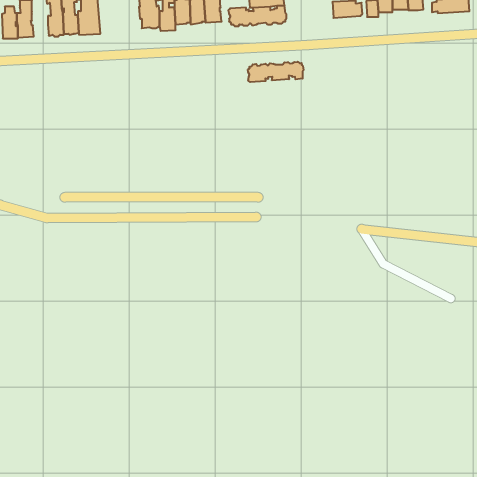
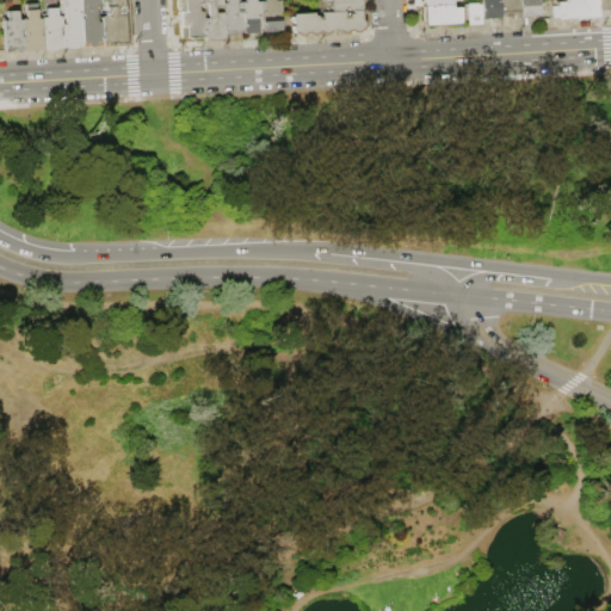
building: none -> [44,5,66,48]
building: [248,62,303,82] -> none

